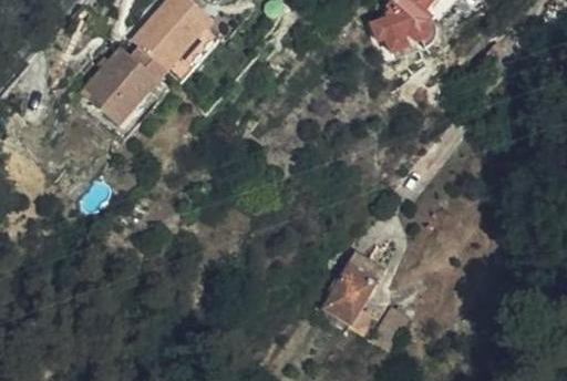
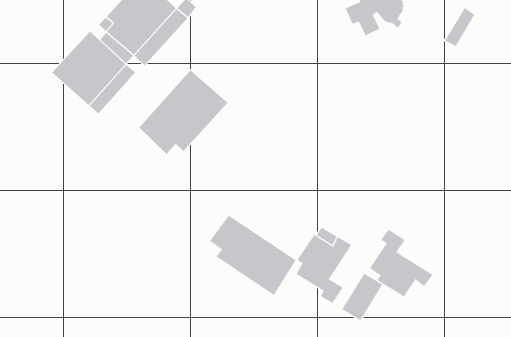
building: none -> [139,70,229,155]
building: none -> [209,215,297,296]
building: none -> [369,229,433,297]

